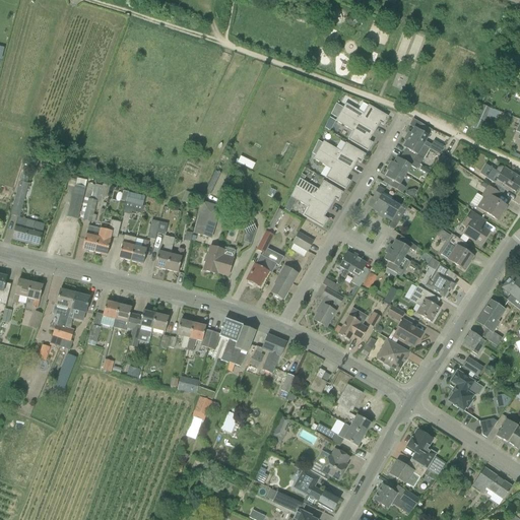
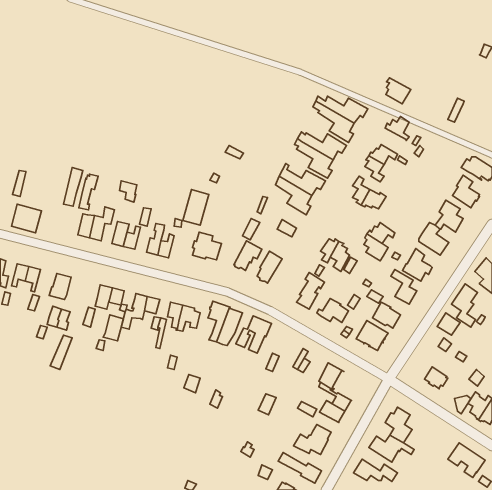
building: [402,135,429,162] -> [386,78,411,104]
building: [68,292,89,320] -> [103,315,123,341]
building: [450,370,482,397] -> none

